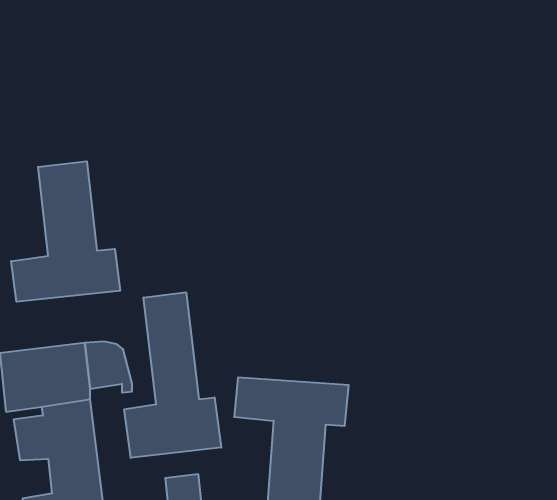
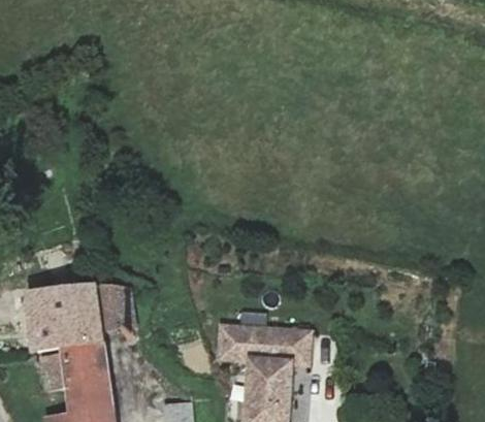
building: [11,161,120,302] -> none
building: [124,292,221,458] -> none

